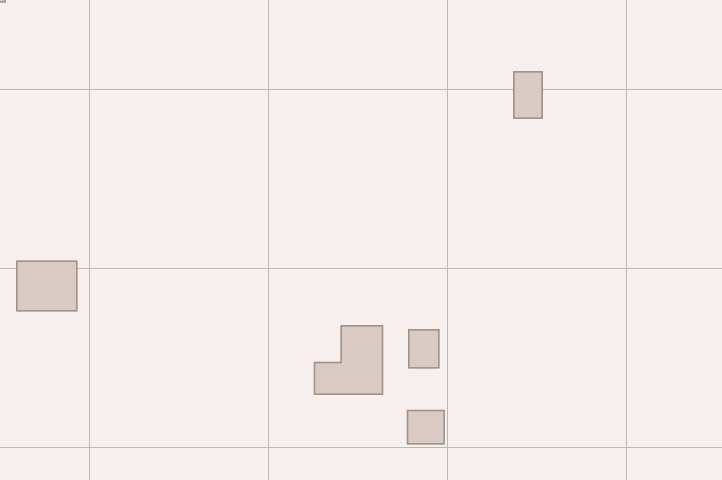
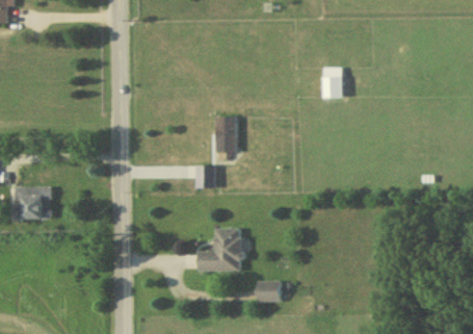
building: none -> [215,117,236,152]
building: [409,330,439,368] -> none

